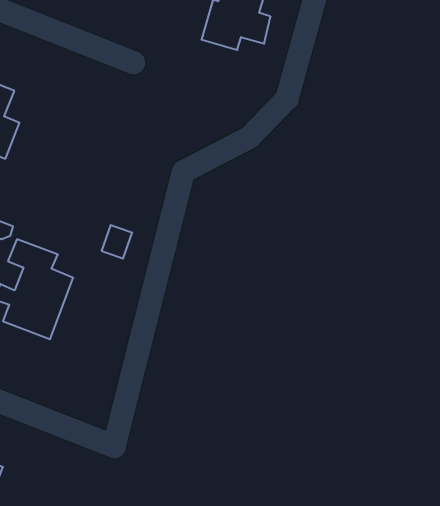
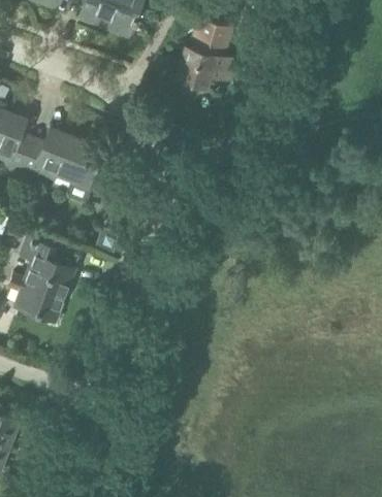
building: none -> [19,128,102,201]

